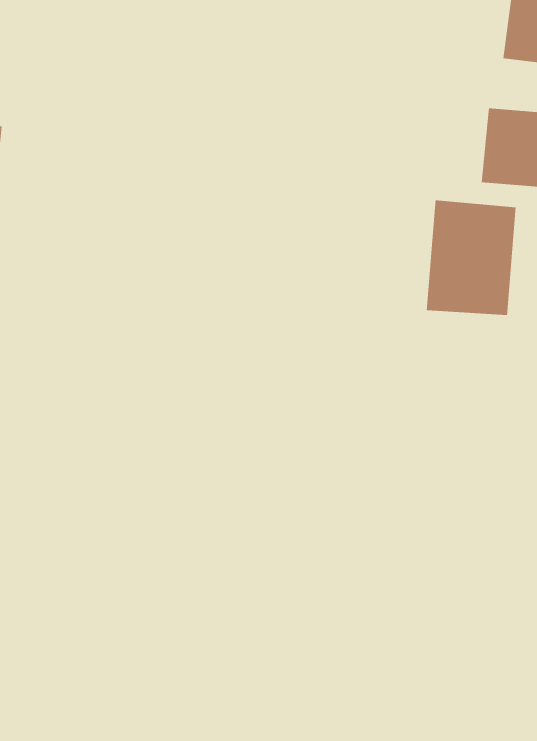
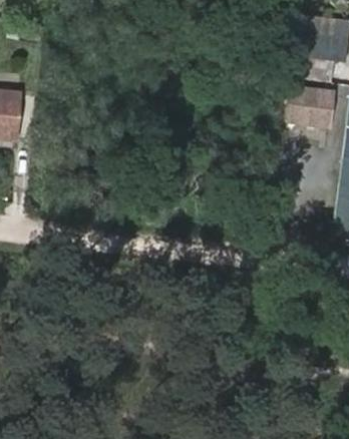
building: [426,200,516,316] -> none

